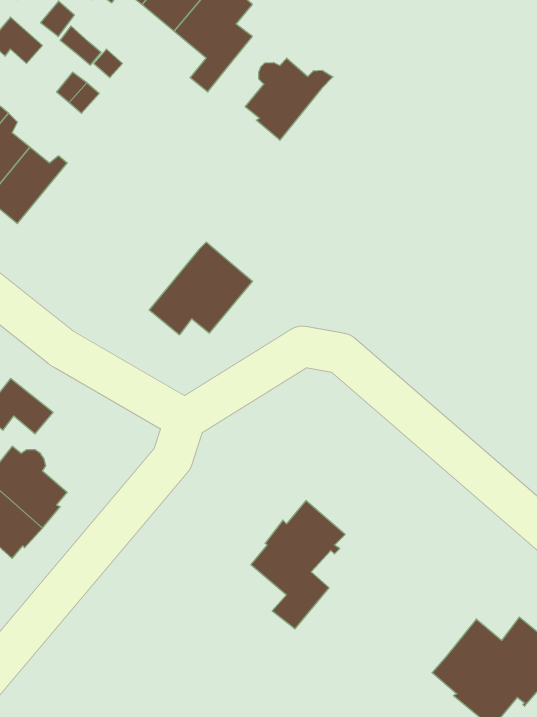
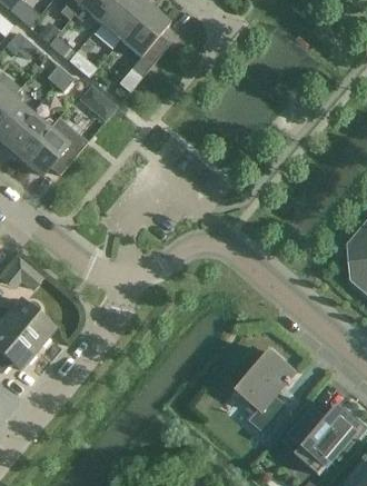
building: [245,58,333,140] -> none
building: none -> [79,83,117,119]
building: [149,242,252,335] -> [22,116,87,173]
building: [251,501,345,629] -> [237,350,296,430]

